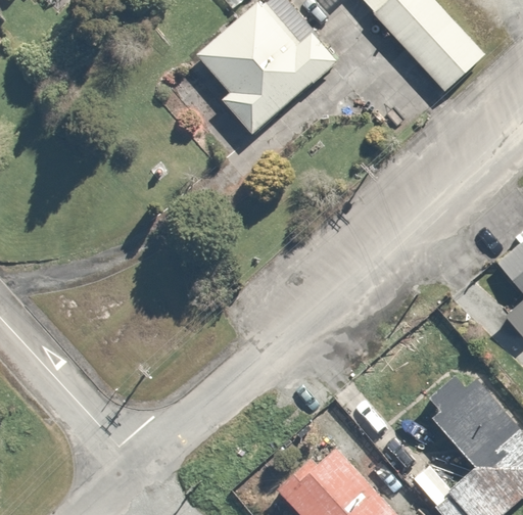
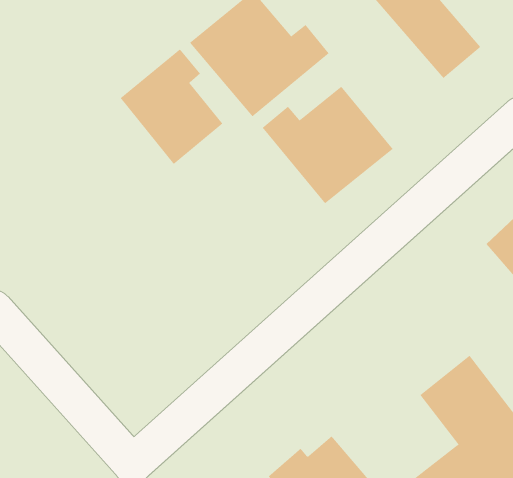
building: none -> [120,48,223,165]
building: none -> [262,86,393,204]

